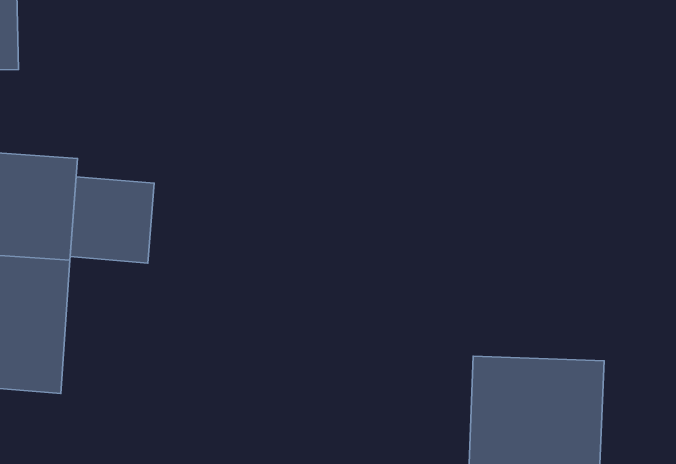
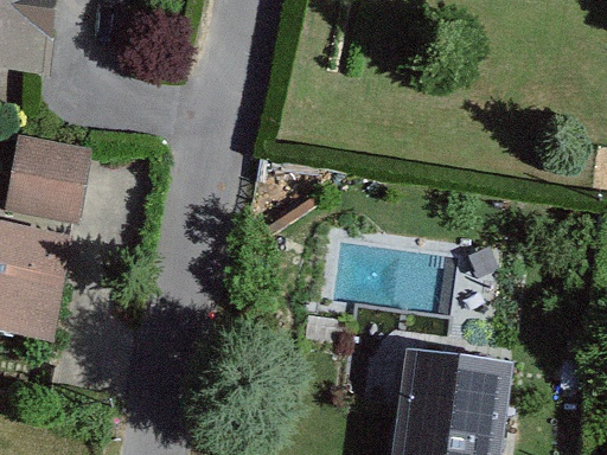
building: [70,177,154,263] -> none

